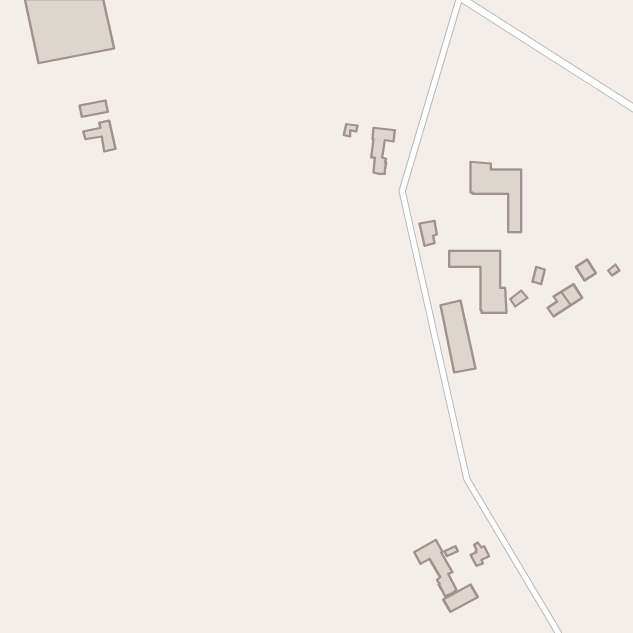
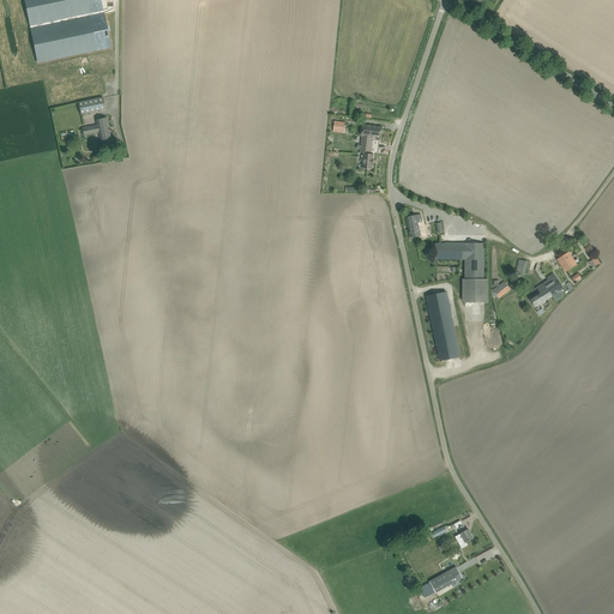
building: [470,162,521,232] -> none
building: [414,540,457,596] -> none

